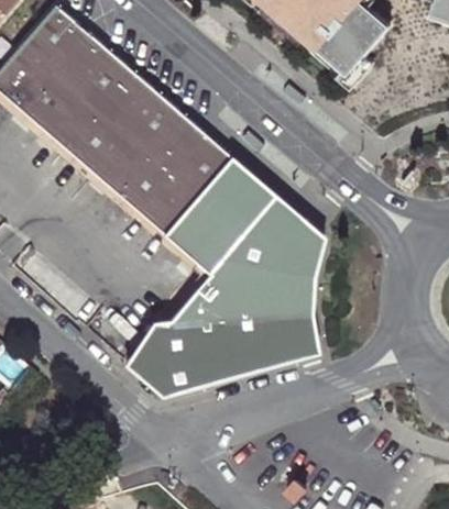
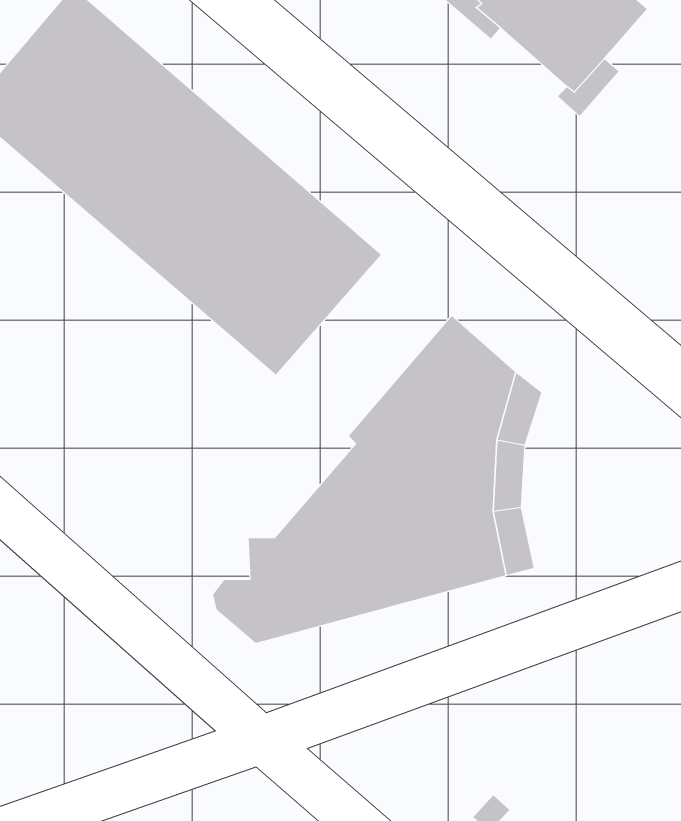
building: [169,164,272,269] -> none

